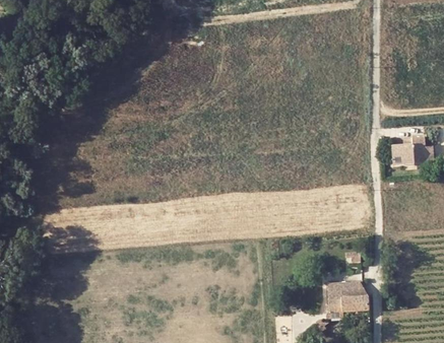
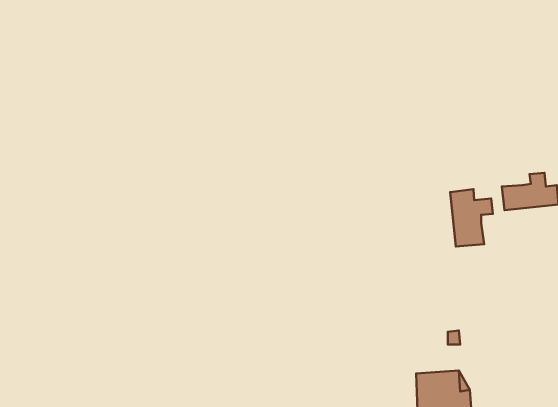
building: none -> [450,189,493,247]

